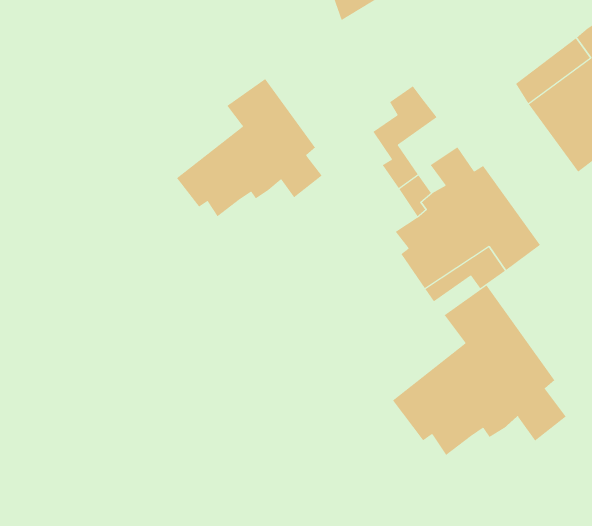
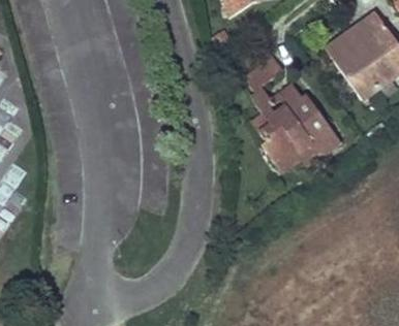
building: [176,78,323,217] -> none
building: [392,285,567,456] -> none

